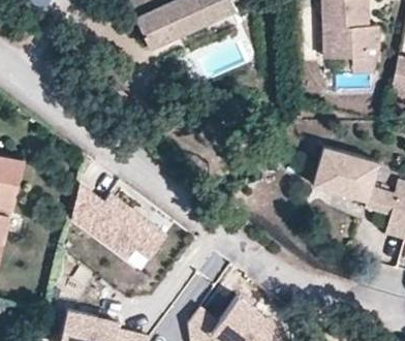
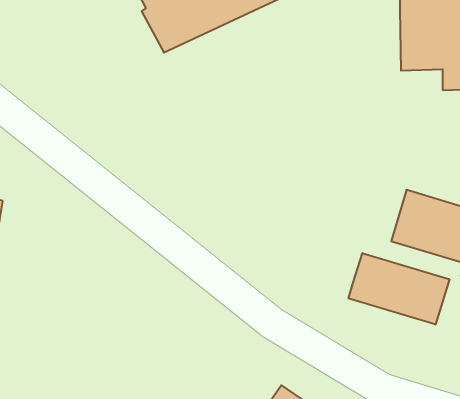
building: [69,187,165,260] -> none
building: none -> [349,253,449,325]

